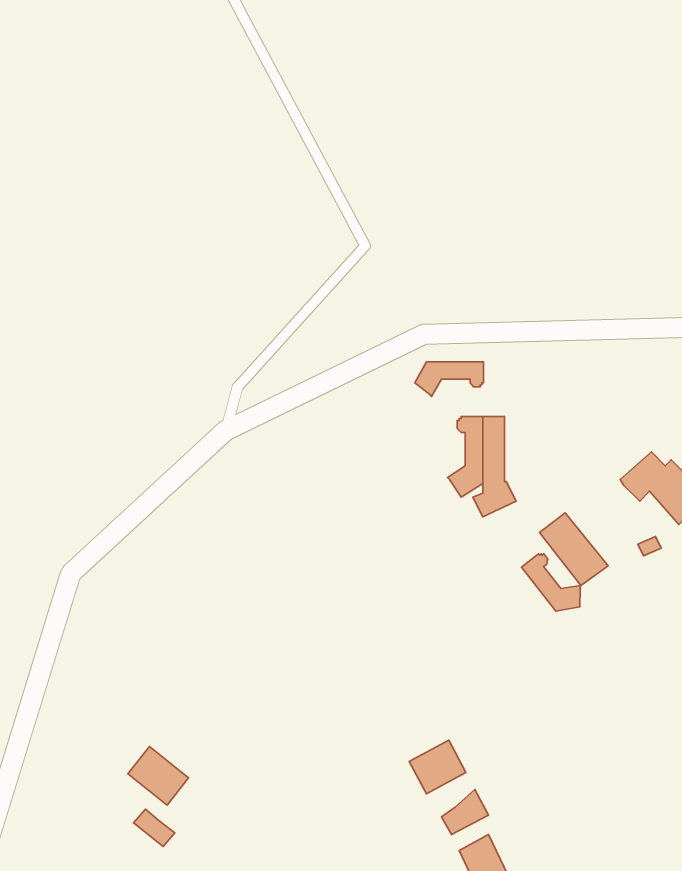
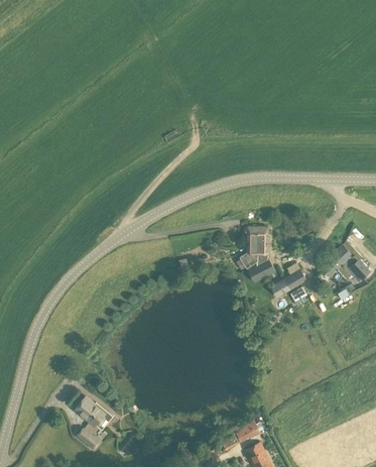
building: [415,362,484,396] -> none
building: [522,554,581,611] -> none
building: [409,740,466,794] -> none

